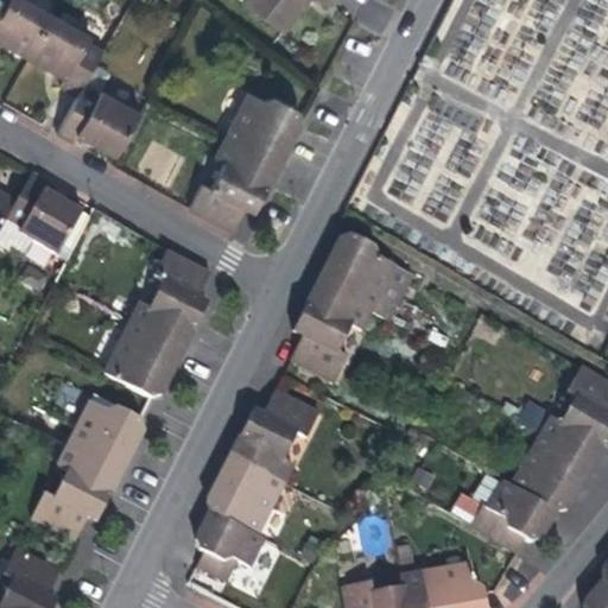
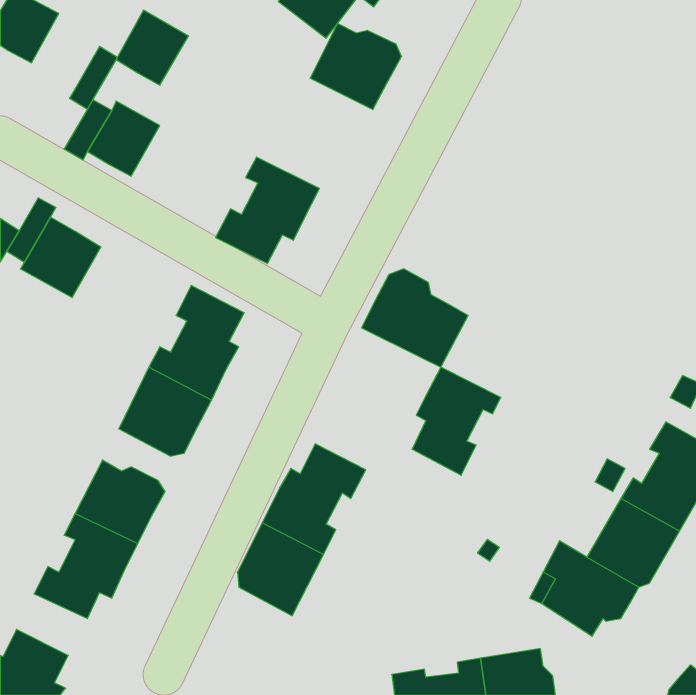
building: [28,12,91,77] -> [116,10,189,85]
building: [224,89,304,164] -> [310,24,402,110]
building: [291,285,368,379] -> [412,367,501,475]
building: [196,511,262,580] -> none

